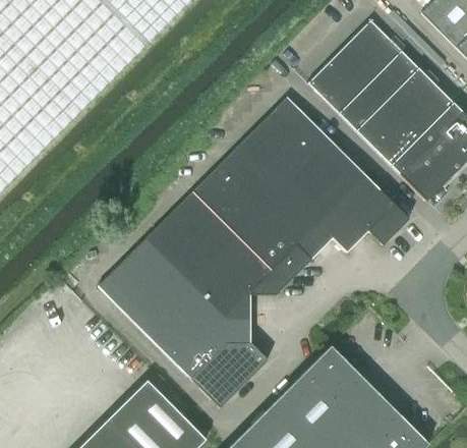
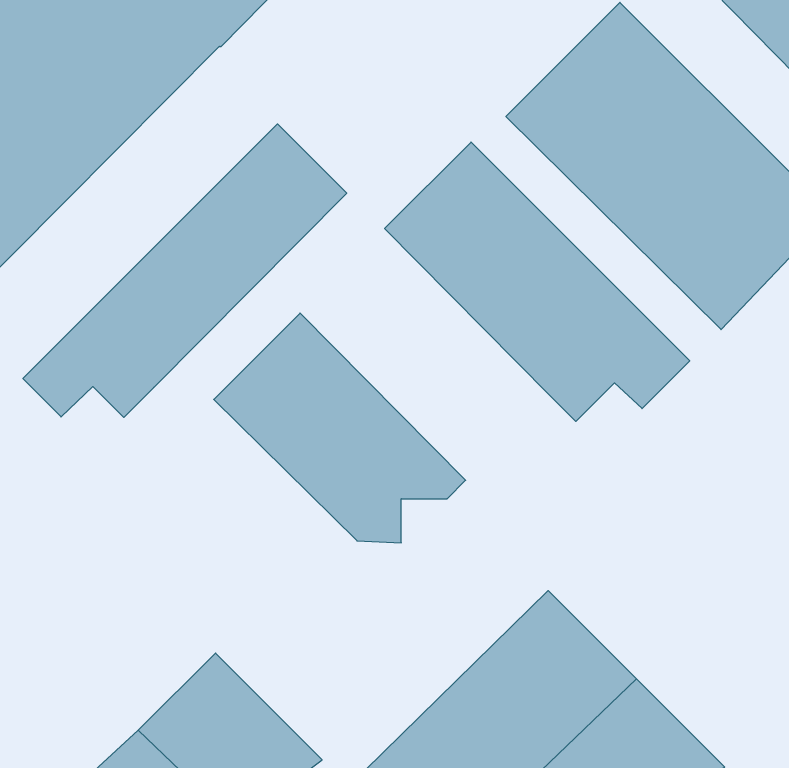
building: none -> [23,124,347,417]
building: [193,145,332,284] -> none
building: [99,239,268,407] -> none

